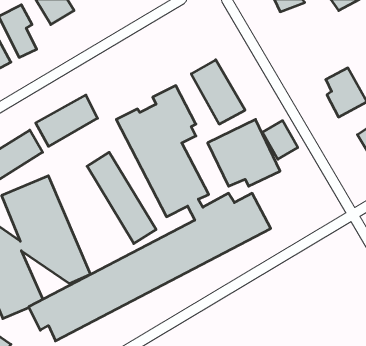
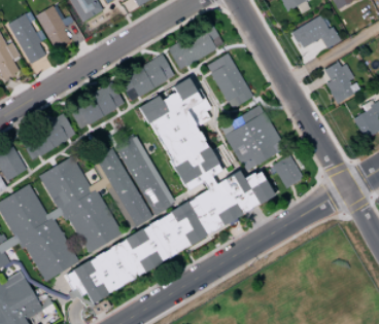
building: none -> [291,16,342,49]
building: none -> [169,28,223,68]
building: none -> [119,55,175,102]
building: [263,121,298,159] -> [273,155,304,189]
building: none -> [98,149,150,228]

